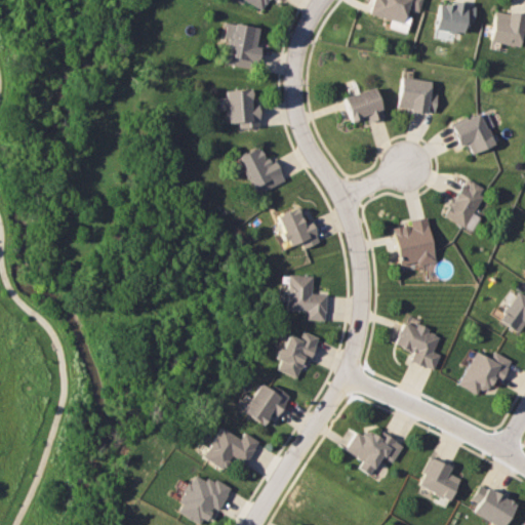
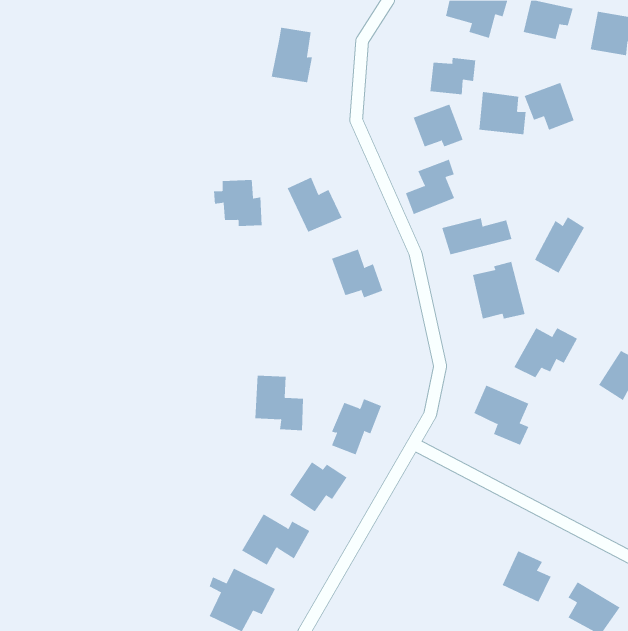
building: none -> [430,57,476,95]
building: [220,89,261,128] -> [213,180,262,227]
building: [453,114,495,154] -> [524,82,574,131]
building: none -> [405,159,455,215]
building: none -> [441,218,512,255]
building: [287,275,328,321] -> [255,375,304,431]
building: [459,352,513,394] -> [514,328,578,378]
building: [346,430,404,475] -> none

